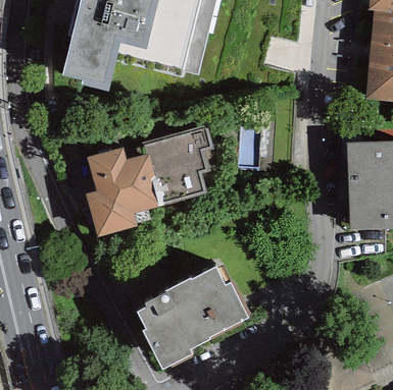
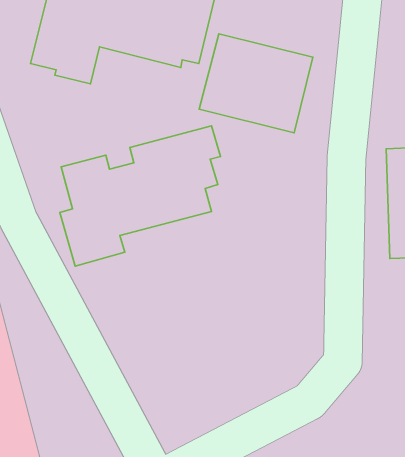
building: none -> [199,34,313,133]
building: [137,267,248,371] -> none

